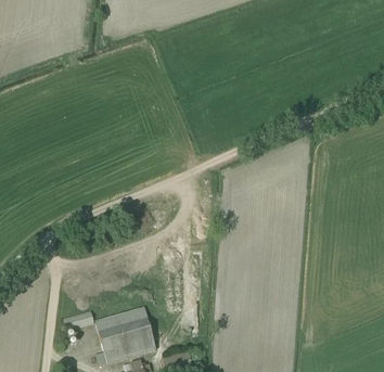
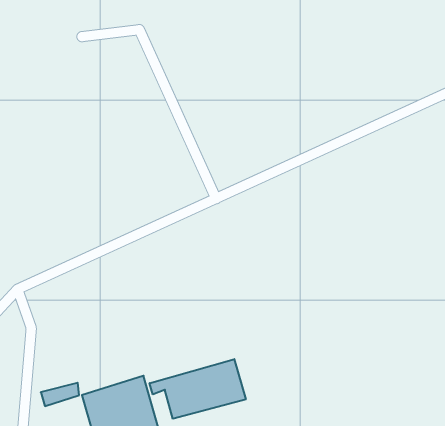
building: none -> [150,359,246,419]

